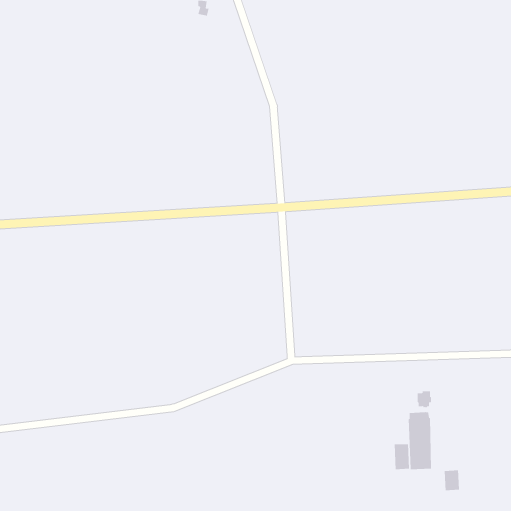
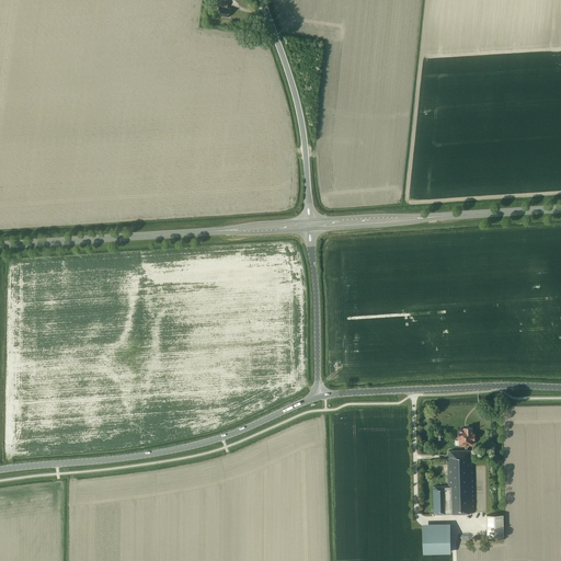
building: none -> [421,530,449,553]

